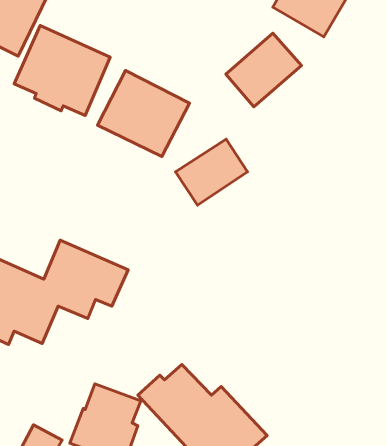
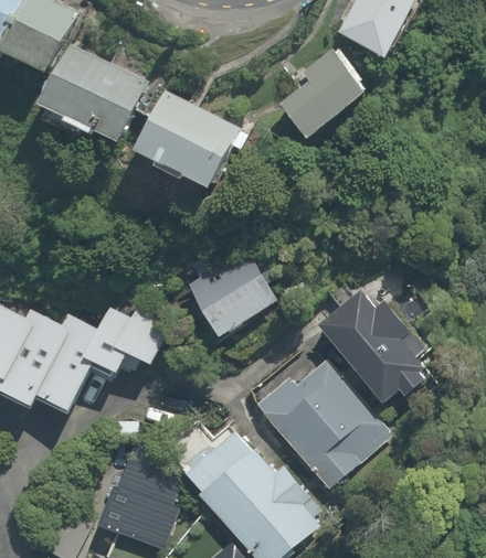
building: [176,139,247,205] -> [192,262,275,339]
building: none -> [317,272,435,403]
building: none -> [250,357,390,490]

